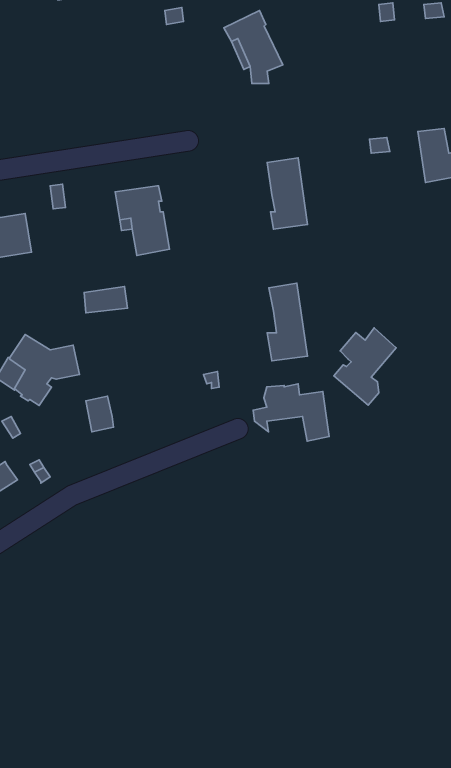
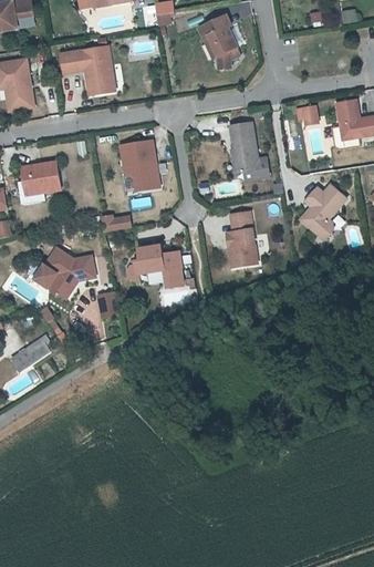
building: none -> [60,47,114,95]
building: [334,328,396,405] -> [299,183,343,238]
building: [253,384,329,441] -> [127,246,181,287]

